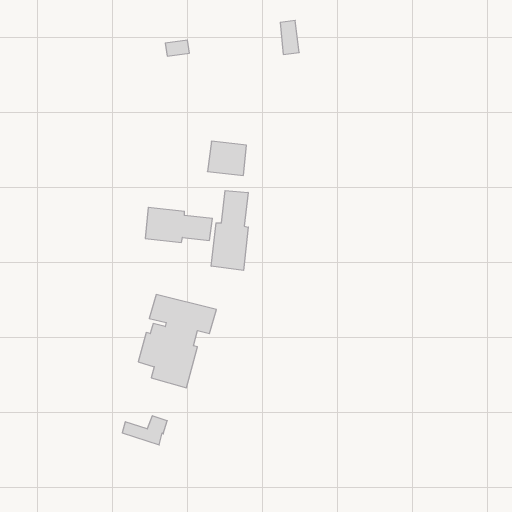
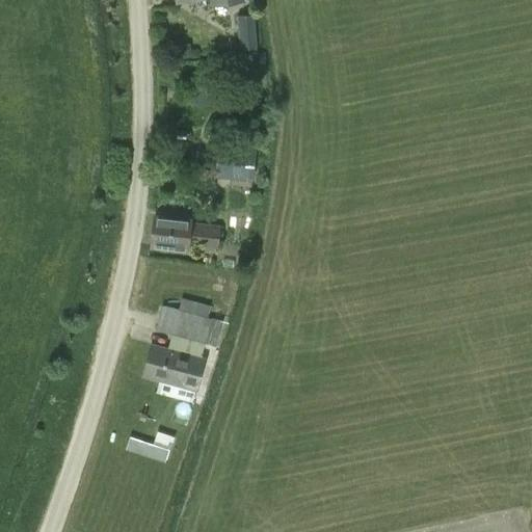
building: [280,20,299,54] -> [237,15,257,50]
building: [211,191,248,270] -> none

